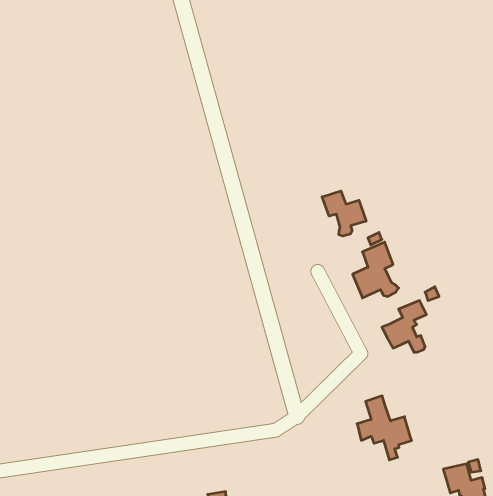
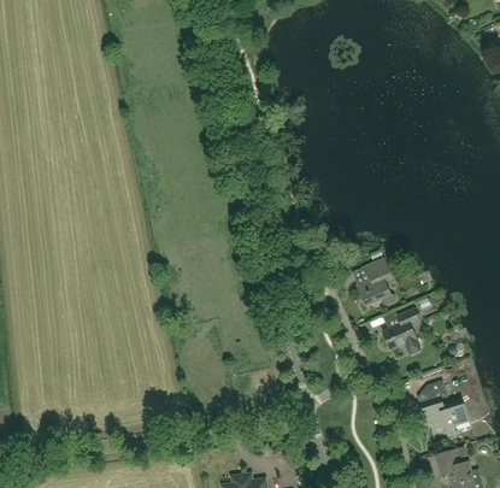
building: [322,191,366,236] -> none
building: [357,396,412,460] -> [420,380,467,435]

